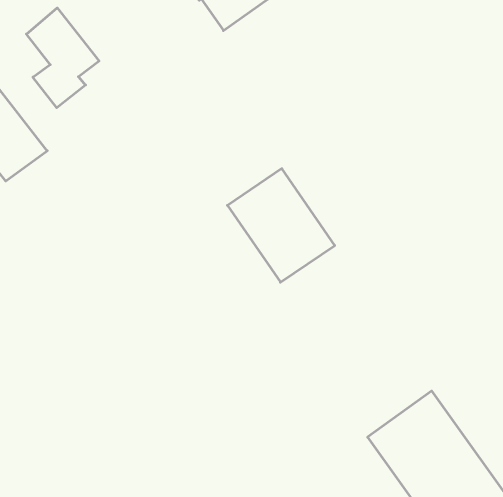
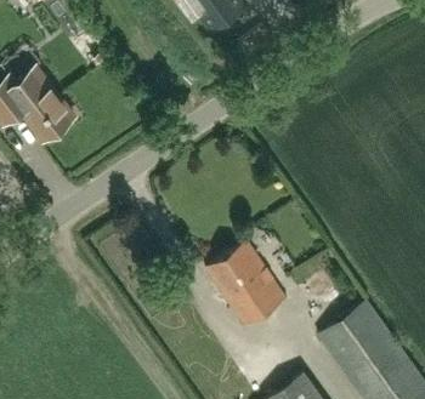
building: [26,8,99,108] -> none
building: [227,169,335,282] -> [204,240,285,326]

